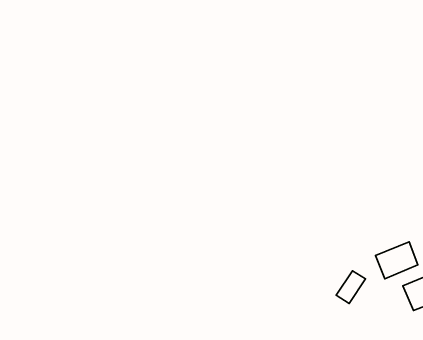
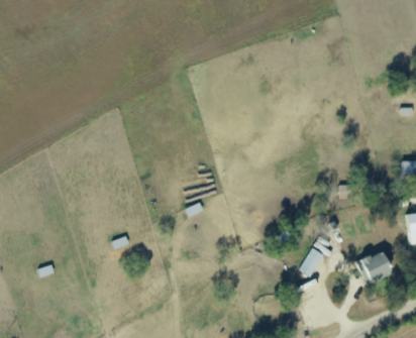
building: [375,242,418,279] -> none

